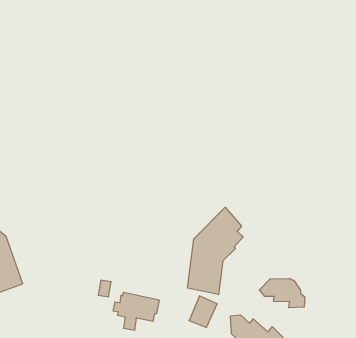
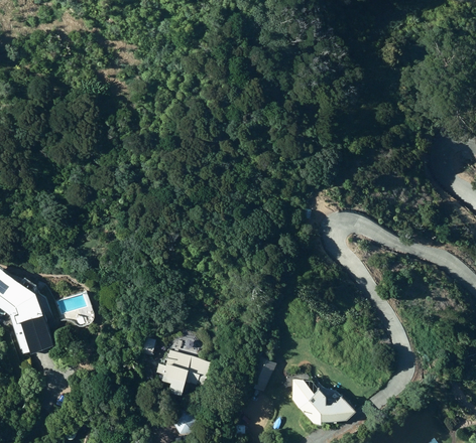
building: [188,207,243,295] -> none
building: [259,278,305,308] -> none

